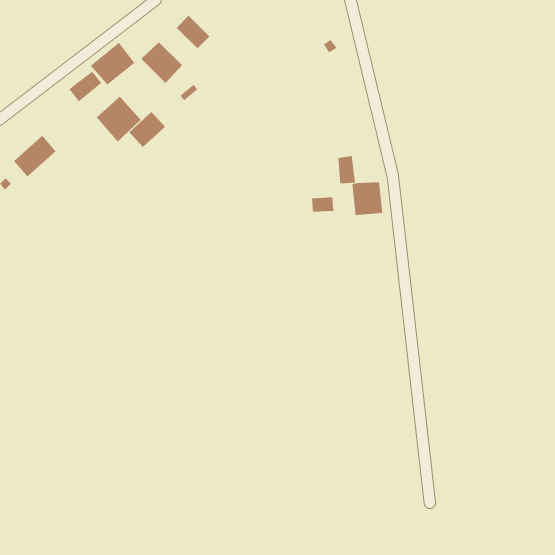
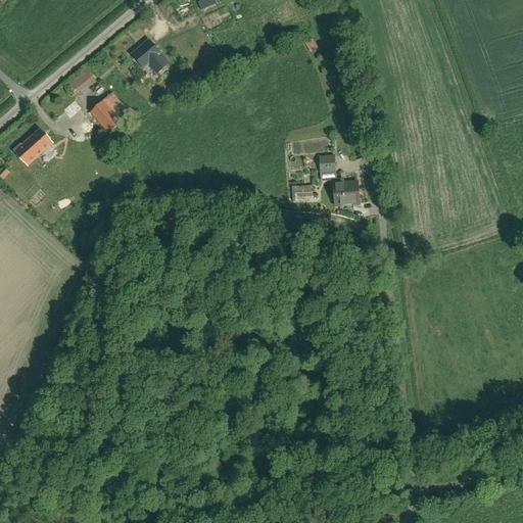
building: [176,15,210,49] -> none
building: [90,42,135,86] -> none
building: [128,111,166,148] -> none

